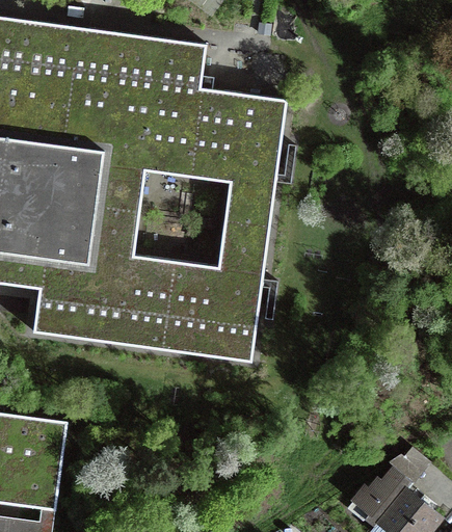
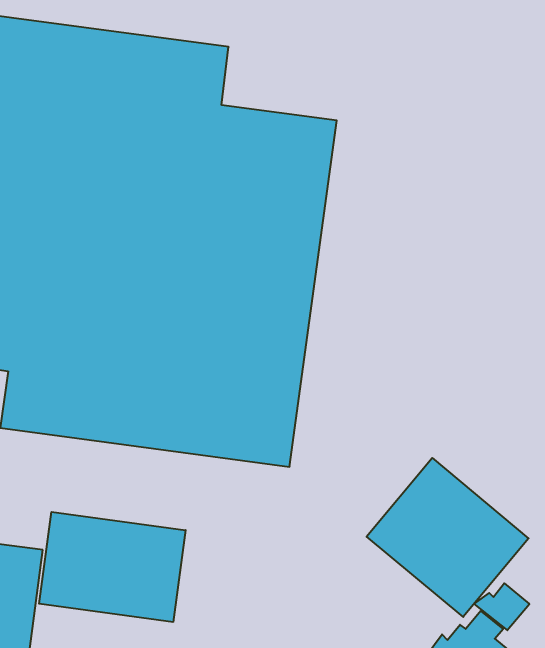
building: none -> [367,458,529,617]
building: none -> [39,512,186,622]

